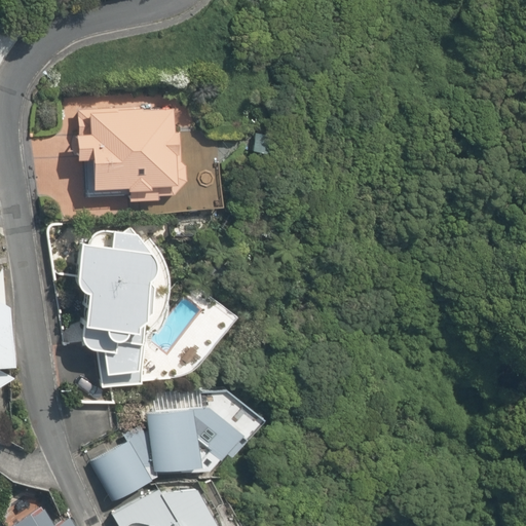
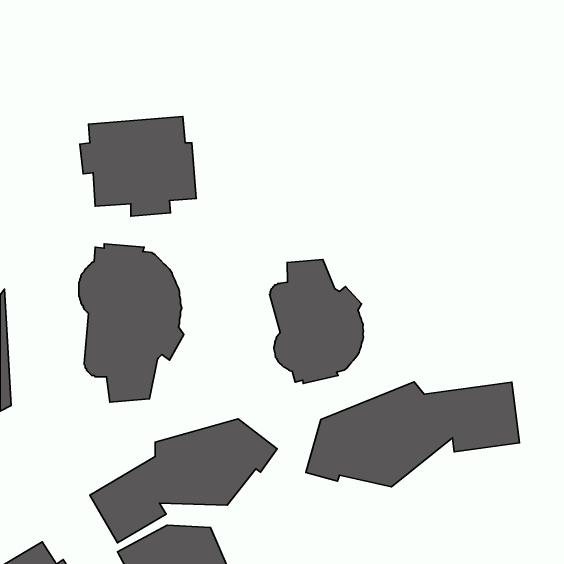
building: none -> [270,260,363,383]
building: none -> [306,382,519,487]

